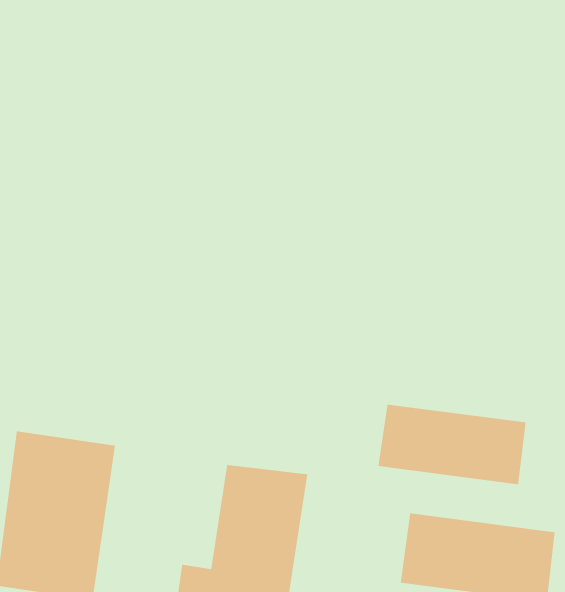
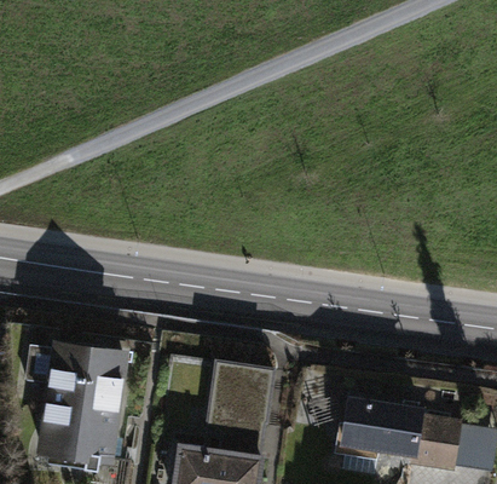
building: [377,404,527,485] -> none

